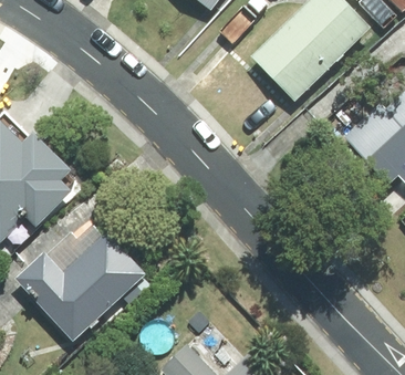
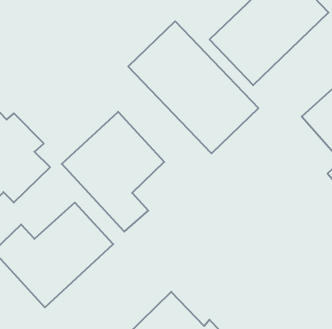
building: none -> [128,21,258,153]
building: none -> [62,112,164,232]

